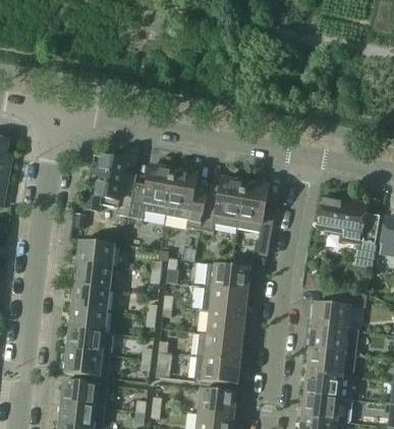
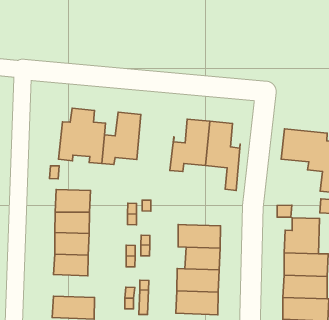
building: [166,169,209,230] -> none
building: [204,263,250,292] -> none
building: [67,328,113,356] -> none

